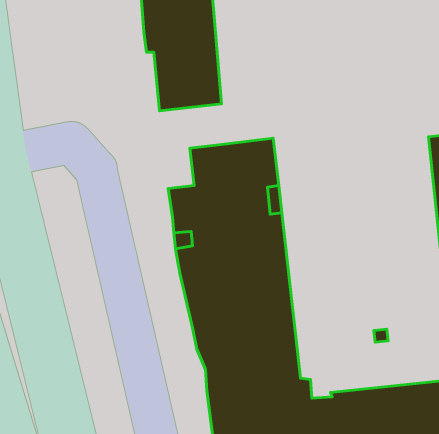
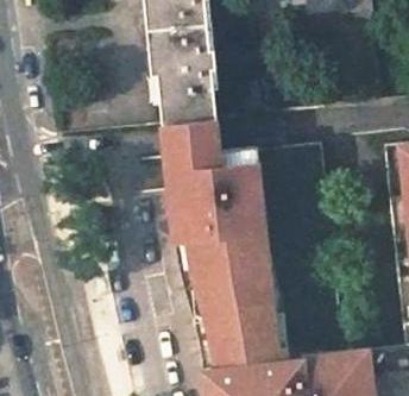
building: none -> [163,118,219,188]

